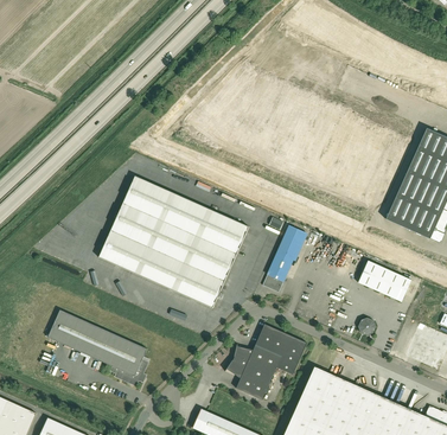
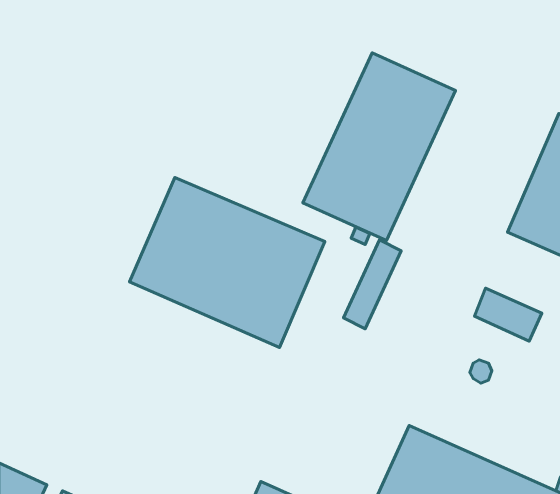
building: none -> [303,53,456,241]
building: [50,313,148,385] -> none
building: [224,324,306,399] -> none

